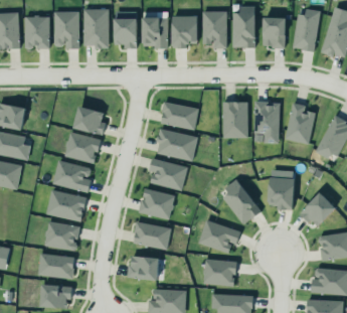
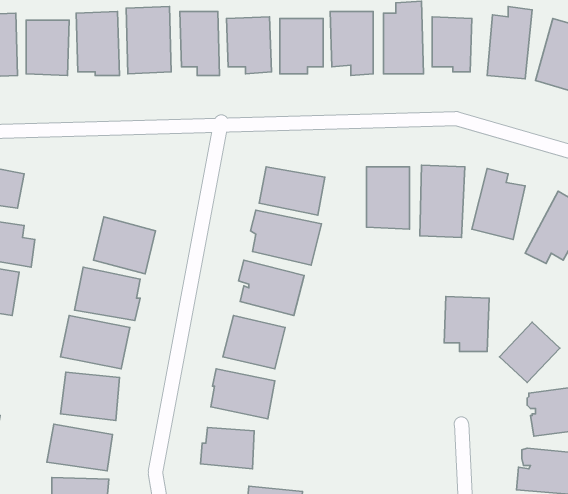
building: [73,107,107,136] -> none
building: [220,181,262,225] -> none
building: [198,220,241,254] -> none
building: [204,260,236,287] -> none

